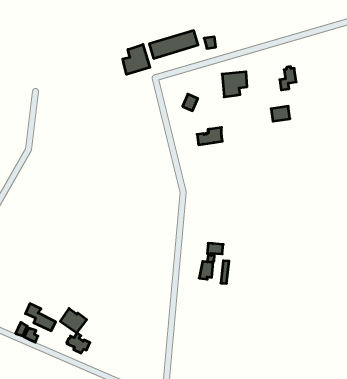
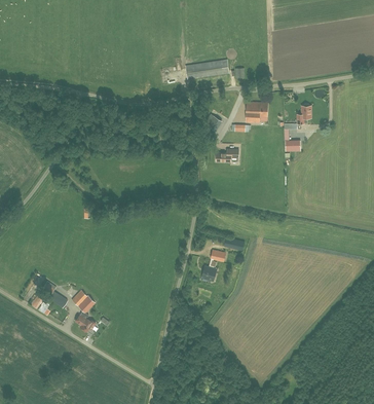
building: [123,44,150,74] -> none

